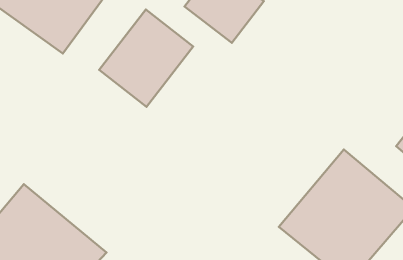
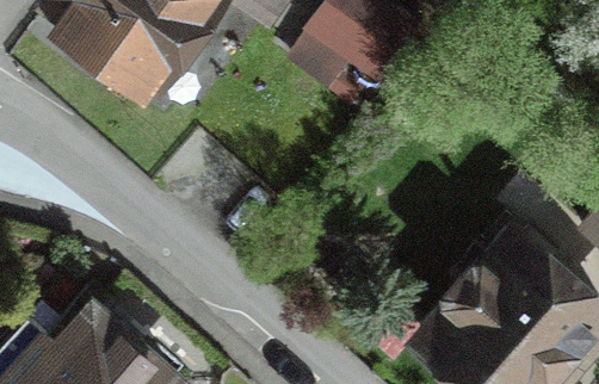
building: [99,9,193,107] -> none

